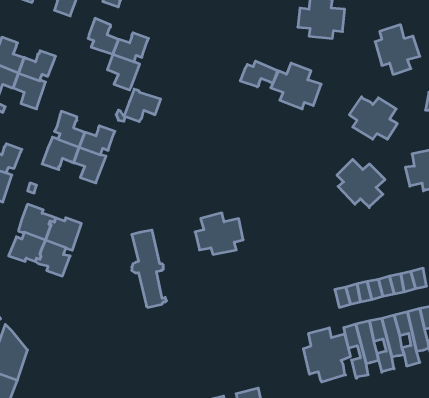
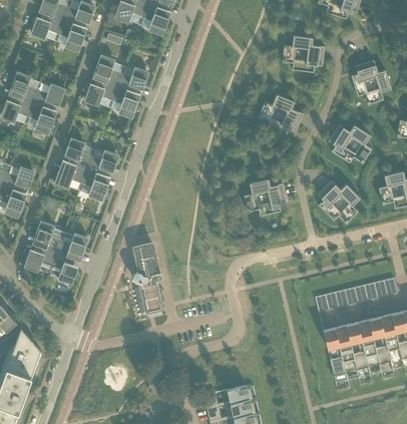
building: [240,61,278,87] -> none
building: [124,89,161,122] -> [83,77,116,106]
building: [195,213,243,254] -> [244,178,287,216]
building: [303,328,350,382] -> none

